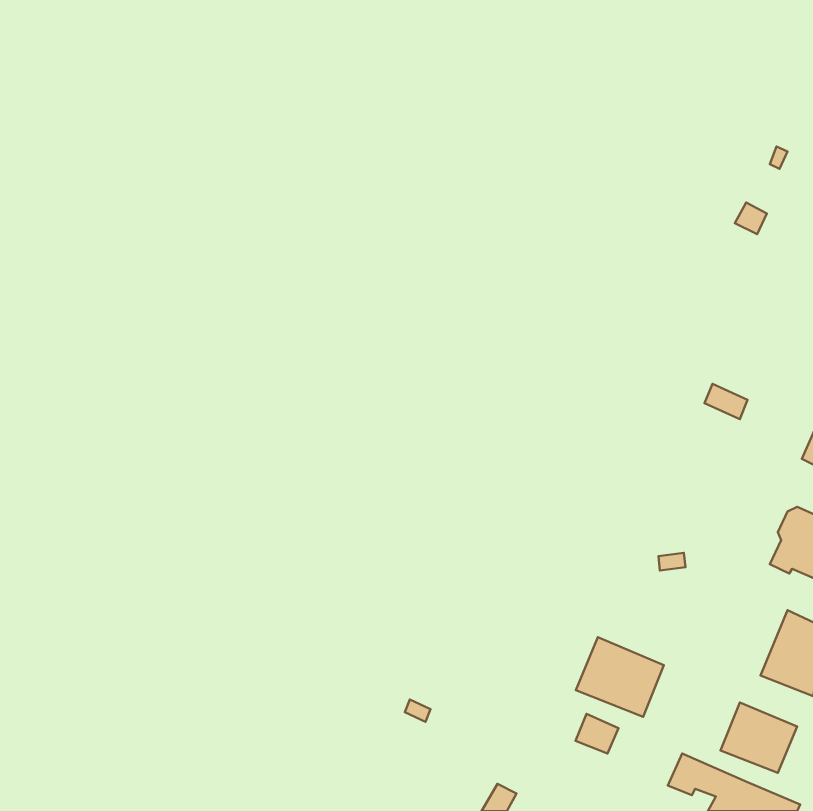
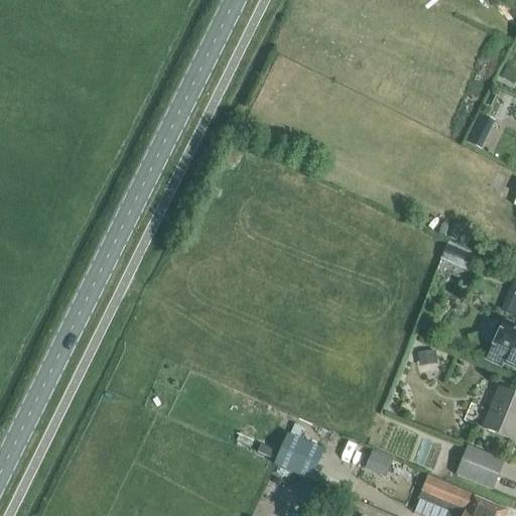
building: [576,637,664,717] -> none
building: none -> [274,432,325,479]

